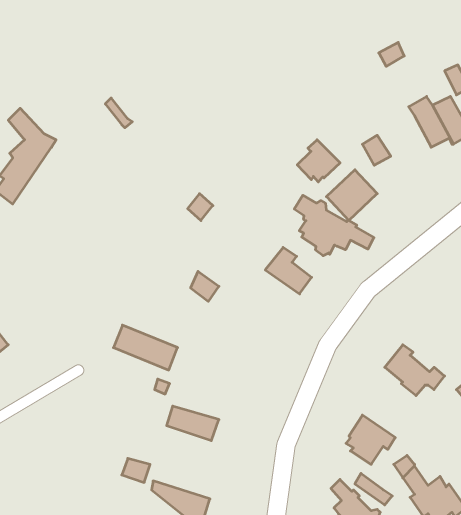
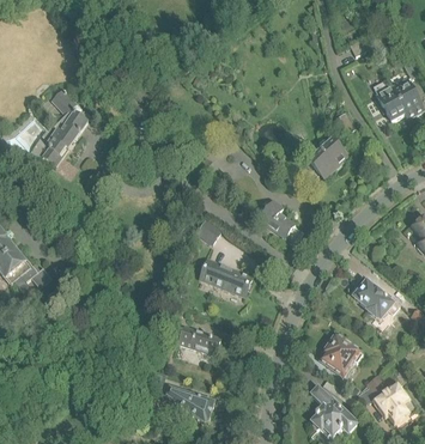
building: [297,140,340,182] -> none
building: [294,195,374,256] -> none
building: [113,325,178,370] -> [199,259,250,294]

